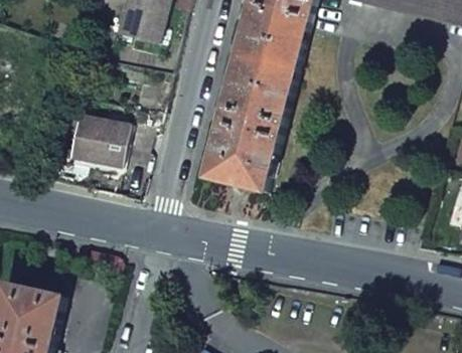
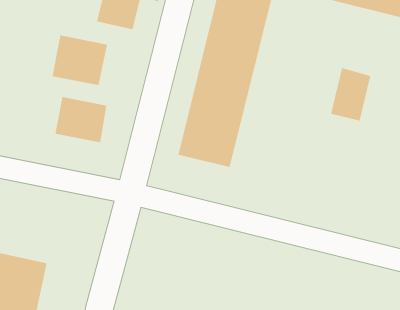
building: none -> [52,35,108,86]
building: none -> [330,67,371,122]

